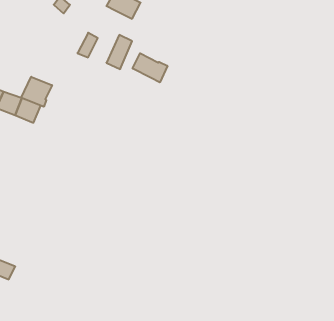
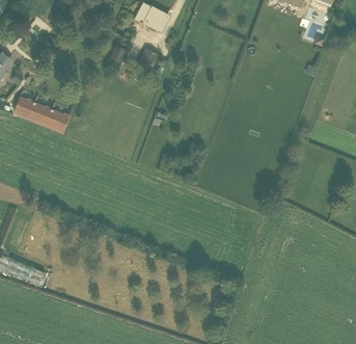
building: [133,53,167,82] -> none
building: [21,77,52,107] -> none

